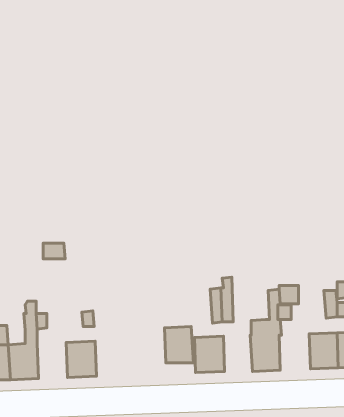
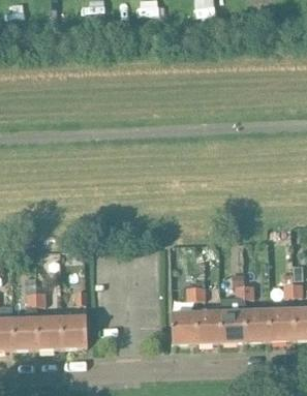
building: [165,327,194,363] -> [196,311,221,342]
building: none -> [244,310,271,341]
building: none -> [37,317,63,348]

